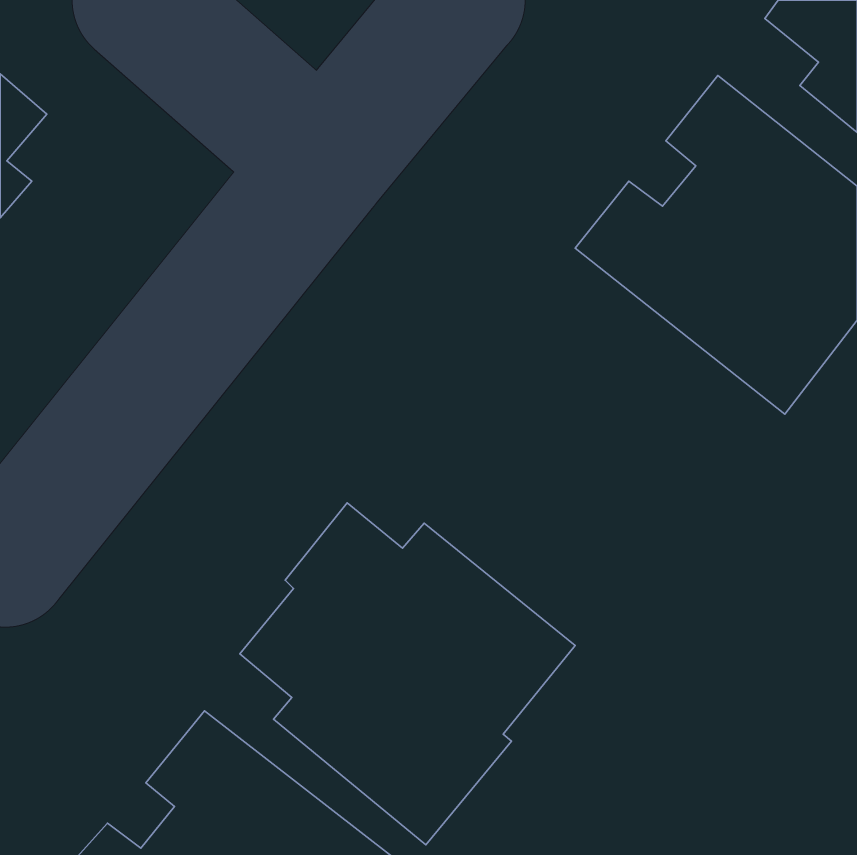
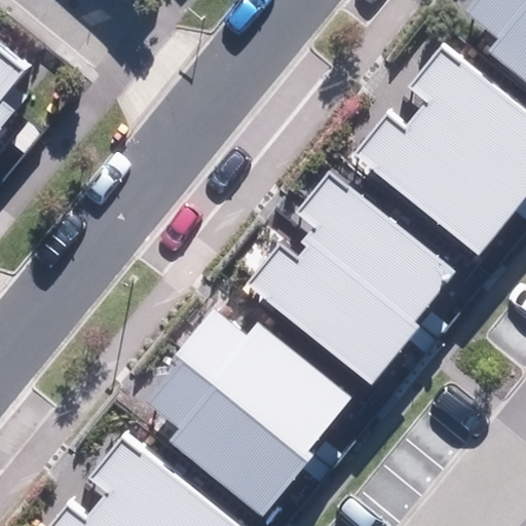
building: none -> [243,178,450,384]

